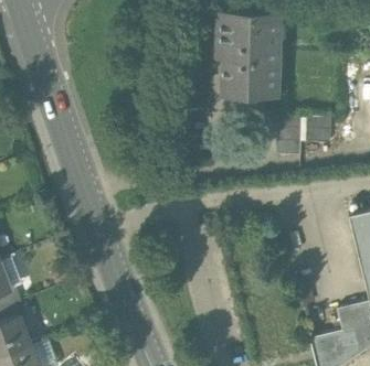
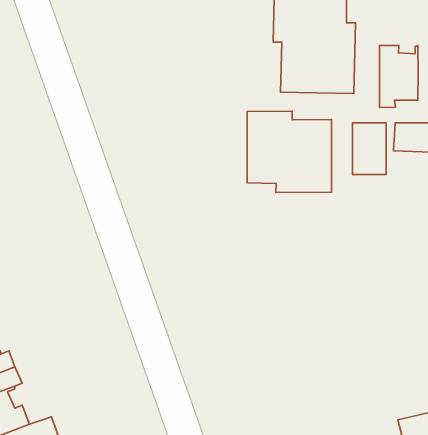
building: none -> [380,45,418,107]
building: none -> [247,111,332,192]

